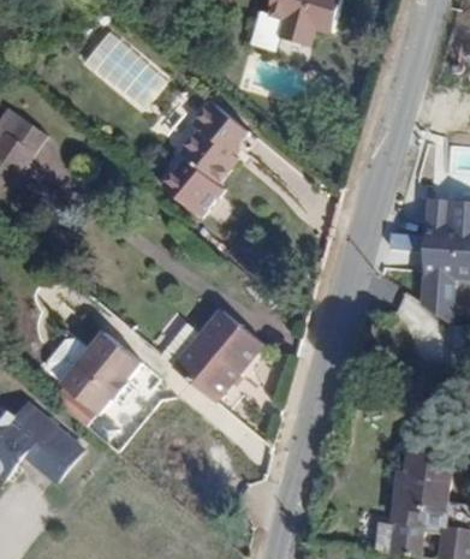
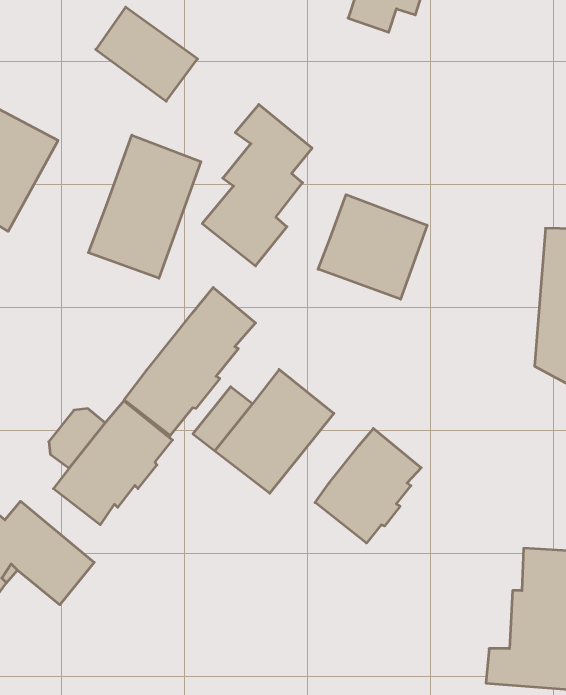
building: none -> [88,135,201,278]
building: none -> [318,195,427,299]
building: none -> [124,287,256,436]
building: none -> [315,428,421,543]

